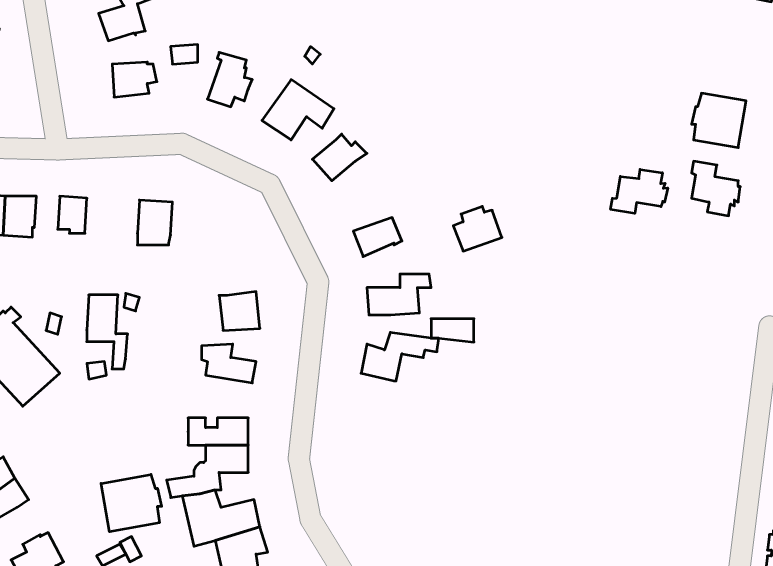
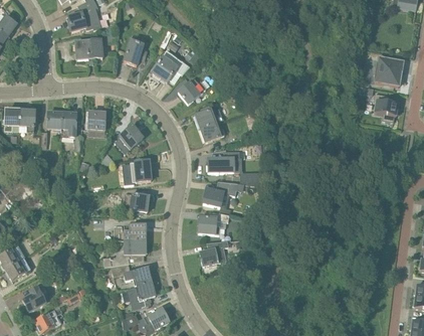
building: [611,169,668,213] -> none
building: [453,206,502,251] -> [194,106,219,129]
building: none -> [115,126,142,153]
building: [87,295,128,369] -> [60,112,81,150]
building: none -> [197,211,229,233]
building: none -> [199,240,228,266]
building: [101,474,162,532] -> none

